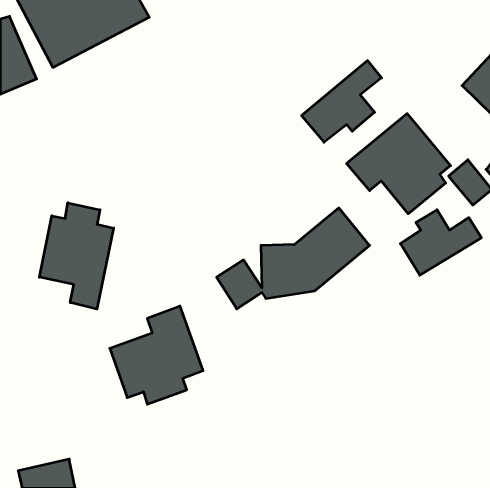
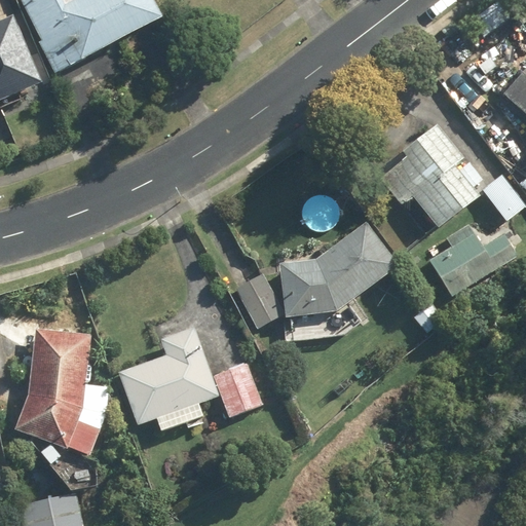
building: [302,61,382,142] -> none
building: [39,203,114,309] -> none
building: none -> [15,329,107,457]
building: none -> [215,360,267,414]

